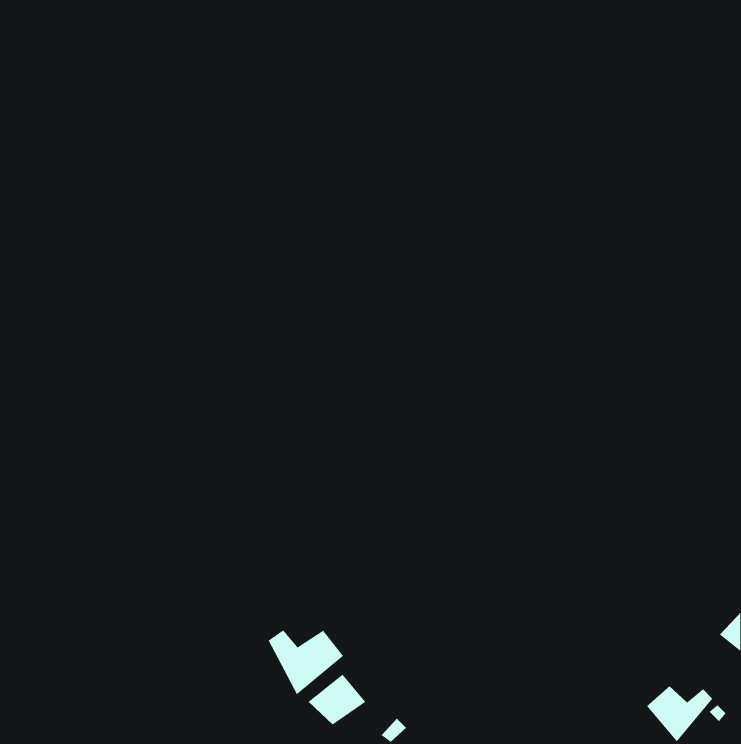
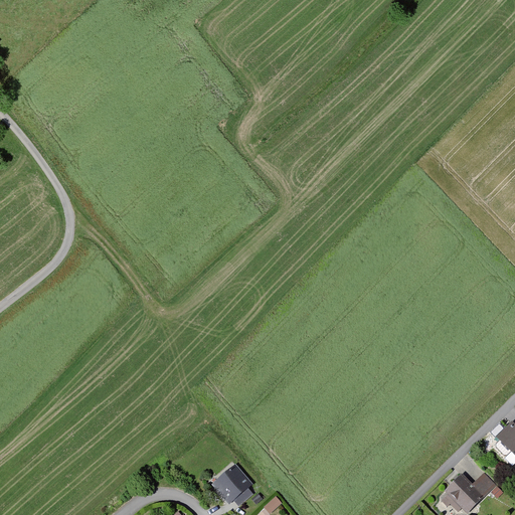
building: [268,630,344,695] -> none

